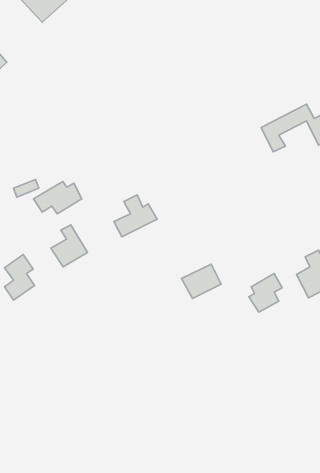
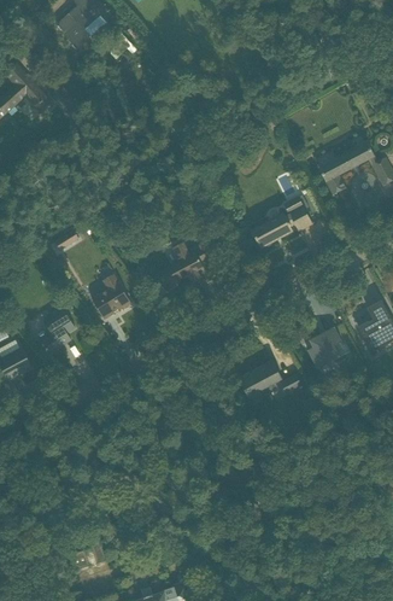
building: none -> [248,200,311,250]
building: [34,182,82,214] -> none
building: [181,264,221,299] -> [240,362,283,399]

